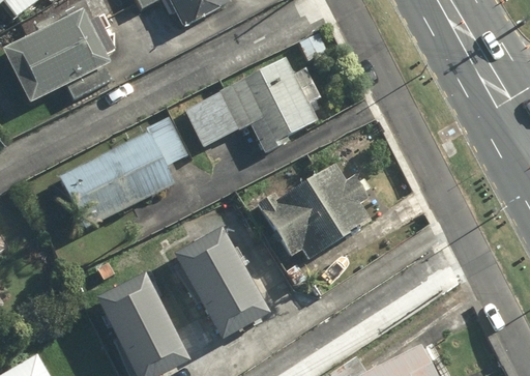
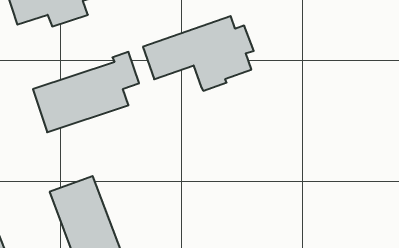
building: [258,162,370,257] -> none
building: [174,225,270,340] -> none

